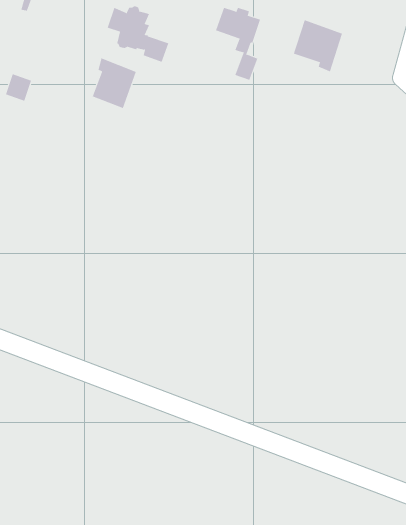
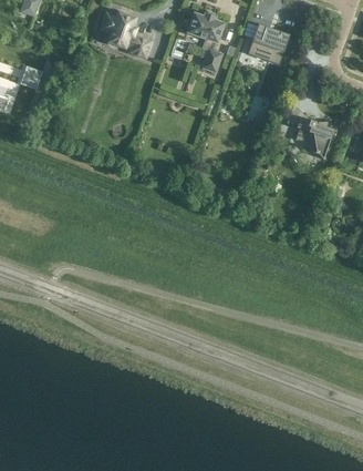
building: [88,58,137,109] -> none
building: none -> [287,104,333,158]

